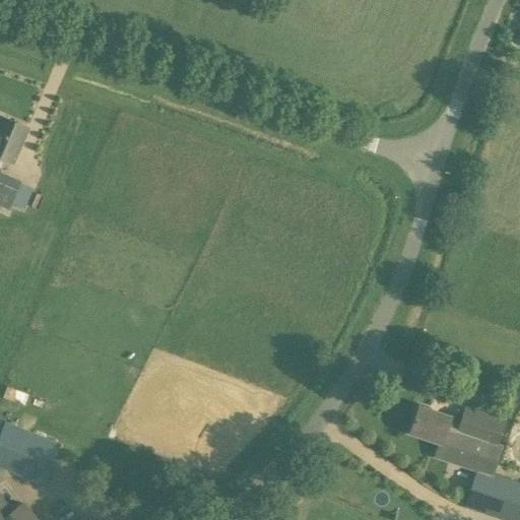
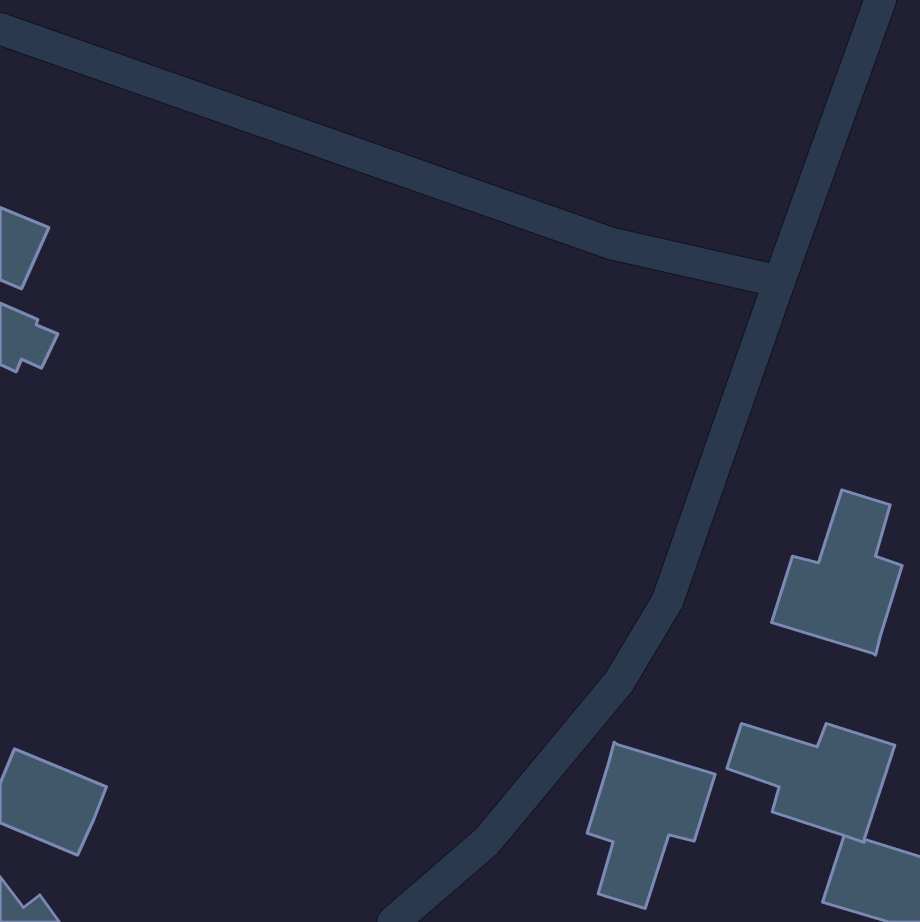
building: none -> [772,490,902,655]
building: none -> [587,742,715,909]

